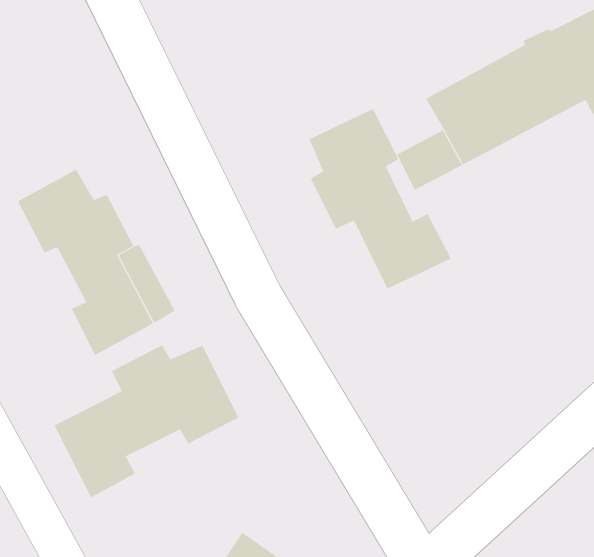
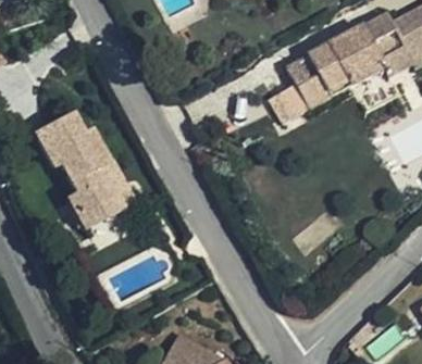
building: [309,108,451,289] -> none
building: [54,345,239,498] -> none

